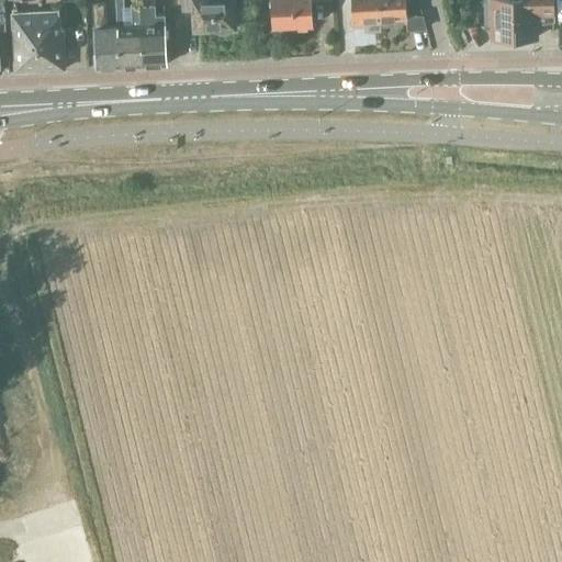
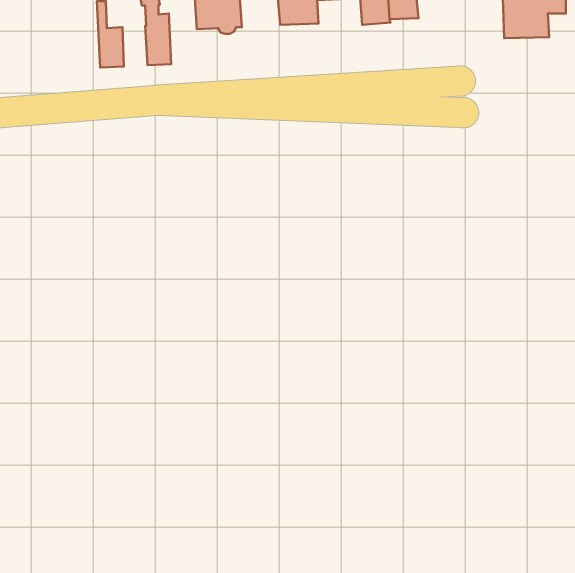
building: [119,5,144,65] -> none
building: [14,8,67,70] -> none

